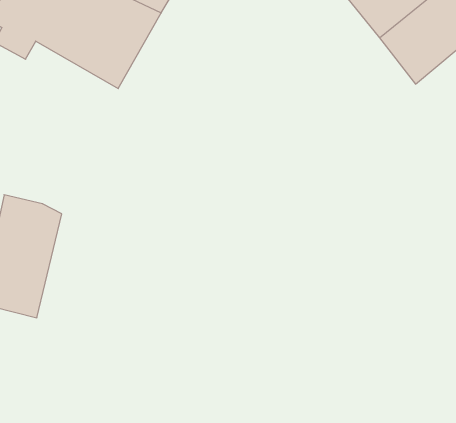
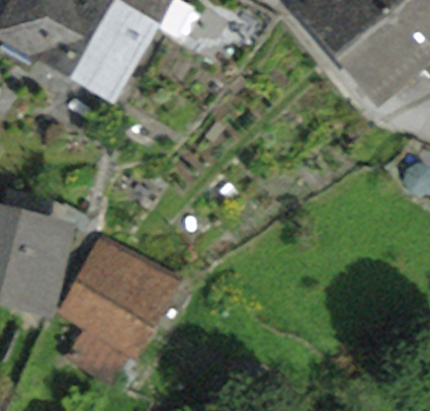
building: none -> [64,236,174,380]

